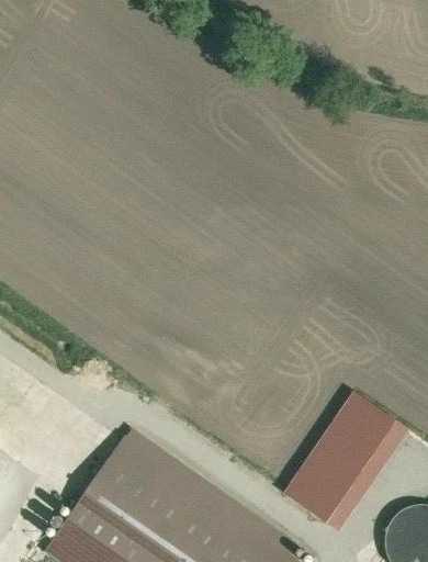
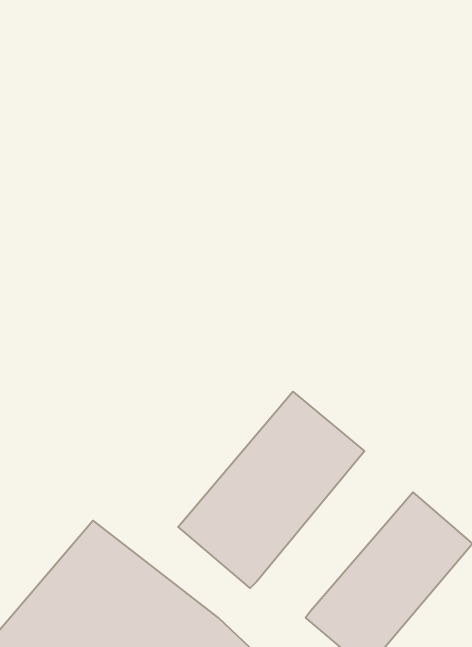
building: none -> [178,392,364,588]

